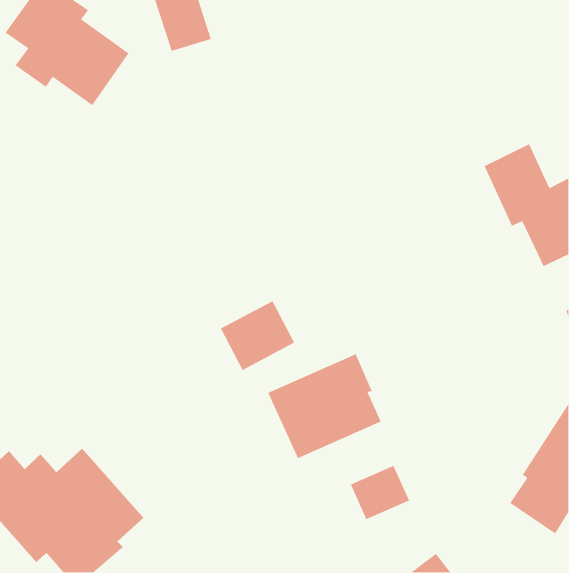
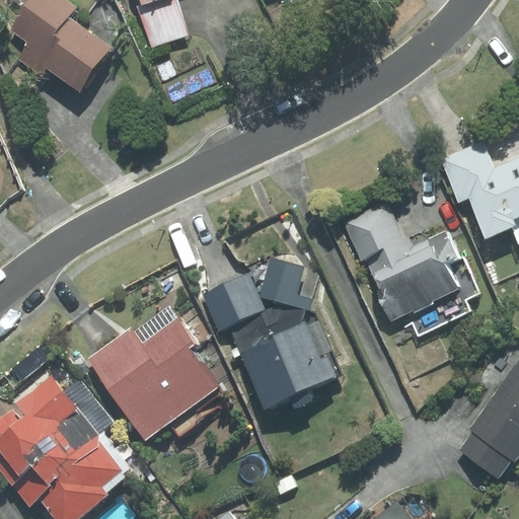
building: none -> [341,199,461,322]
building: none -> [260,257,312,307]
building: none -> [88,315,223,442]
building: [350,465,410,520] -> none

